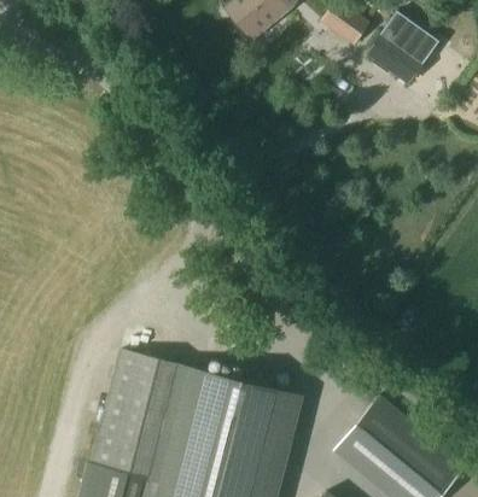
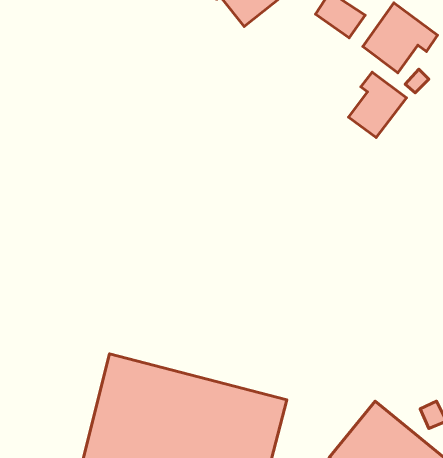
building: none -> [348,72,406,137]

